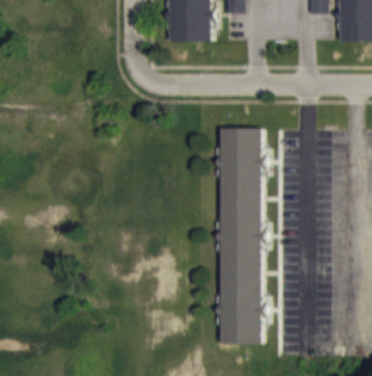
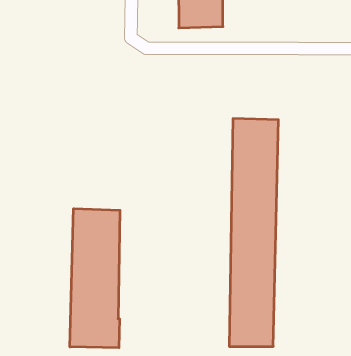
building: none -> [70,209,120,348]

